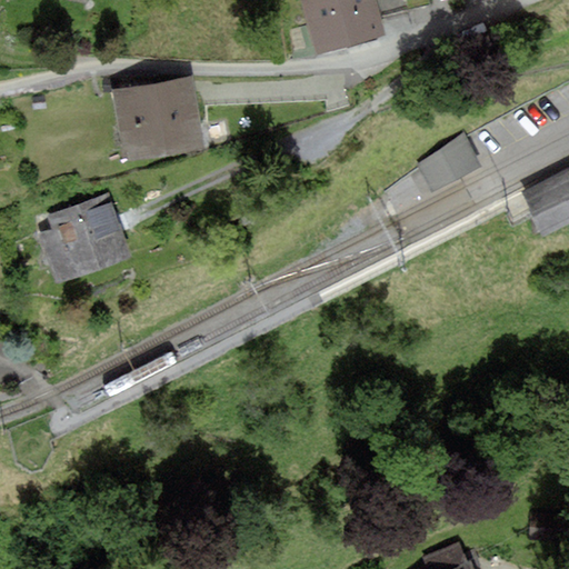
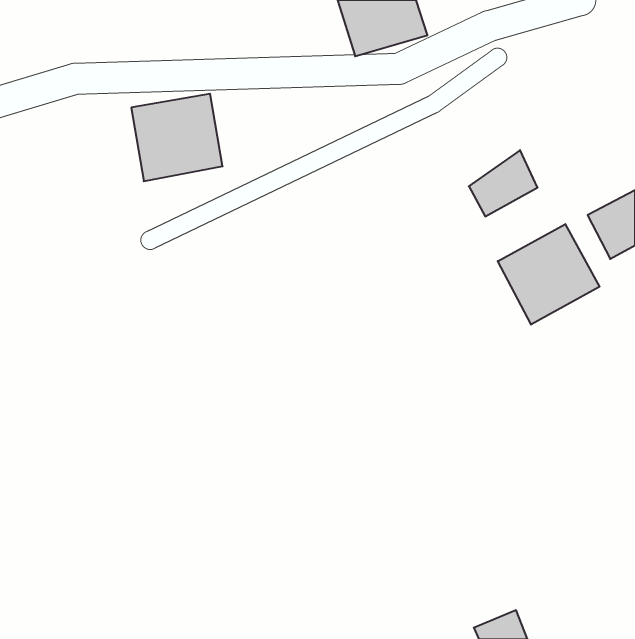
building: none -> [498,224,600,325]
building: [41,204,132,281] -> none

